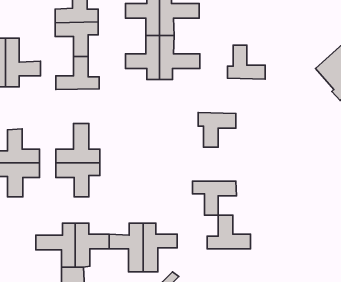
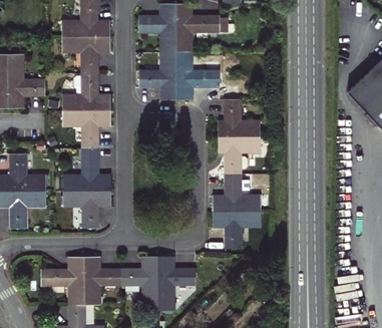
building: [228,45,265,79] -> [219,99,260,136]
building: none -> [63,109,110,147]
building: [207,215,250,249] -> [213,174,260,211]

